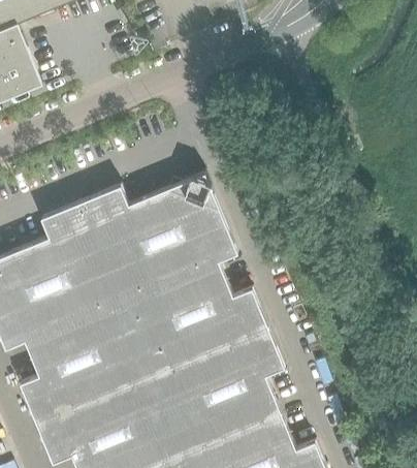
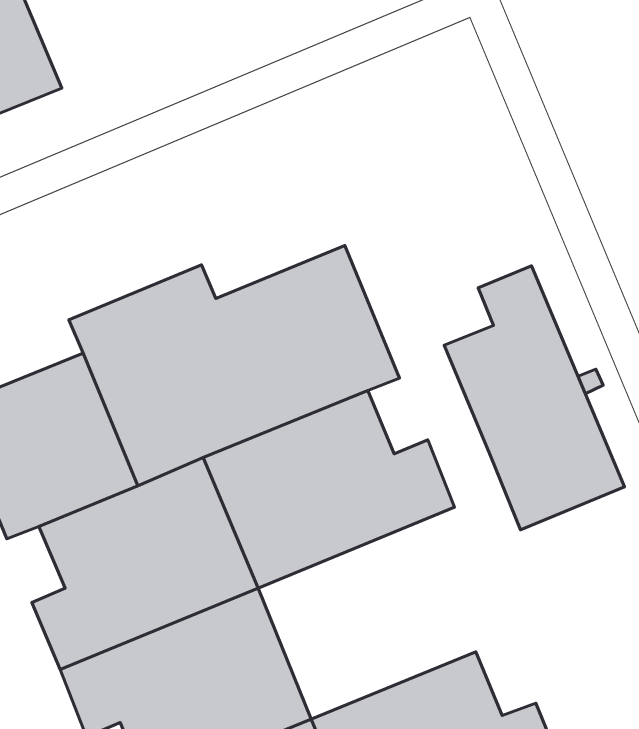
building: none -> [444,266,624,530]
building: [153,329,284,453] -> none

